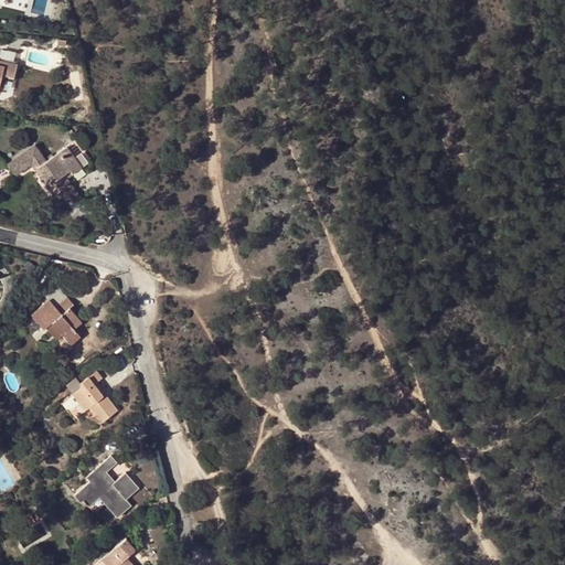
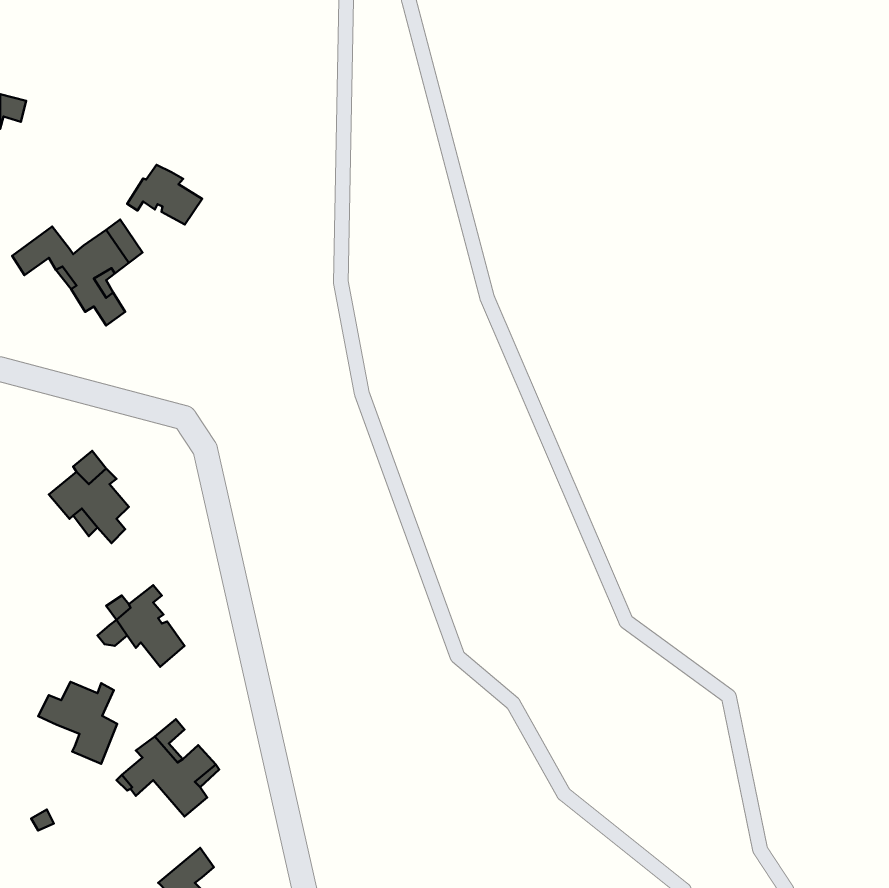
building: none -> [127,165,202,225]
building: none -> [38,682,117,764]

